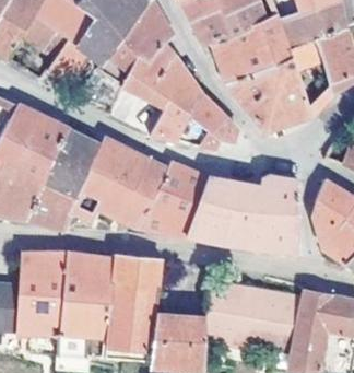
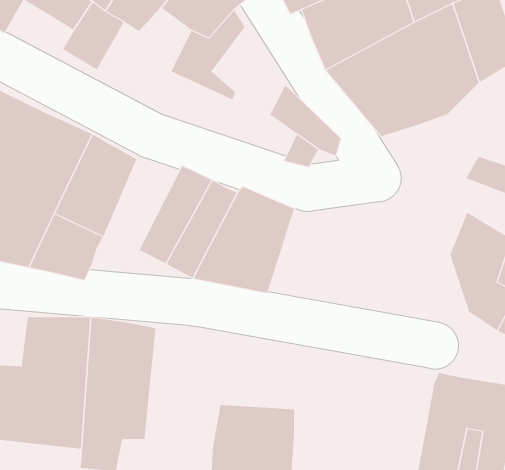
building: [149,54,200,141] -> none
building: [71,138,129,220] -> none
building: [188,174,298,249] -> none
building: [104,255,163,342] -> none
building: [206,281,302,352] -> none

